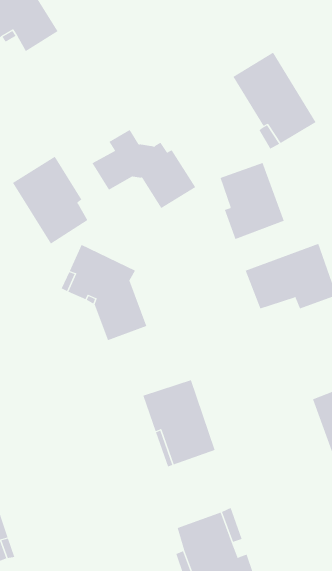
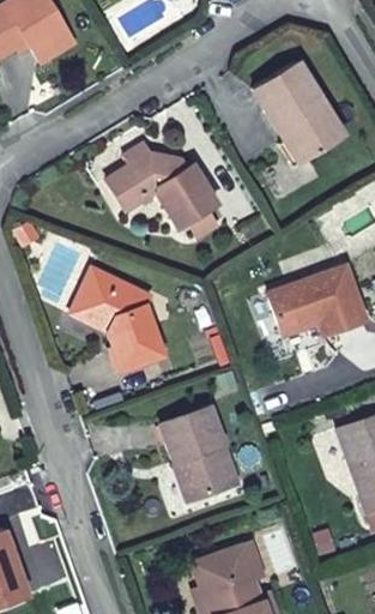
building: [12,156,88,244] -> none
building: [220,162,285,240] -> none

